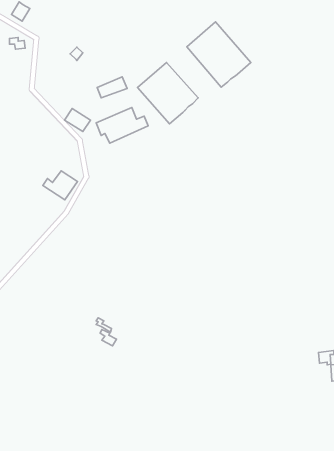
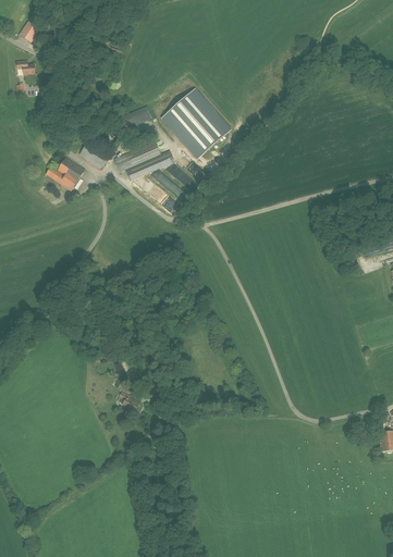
building: [187,22,251,87] -> none
building: [43,171,77,200] -> [46,158,85,190]

